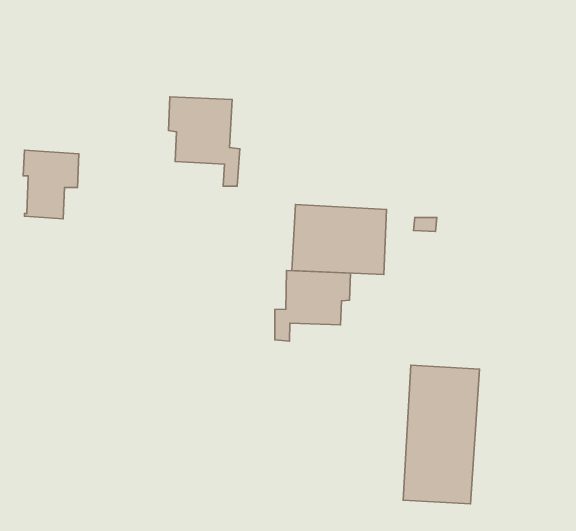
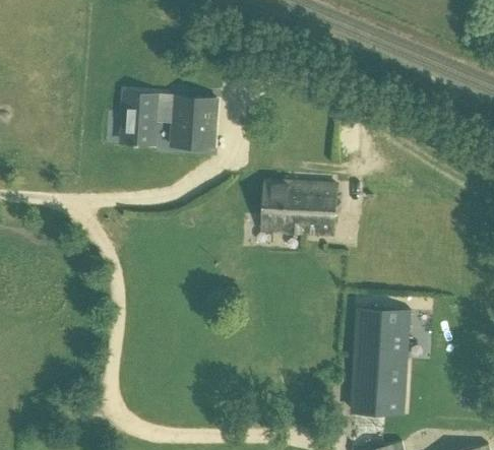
building: [23,150,79,219] -> [123,92,167,146]
building: [275,270,351,341] -> none

